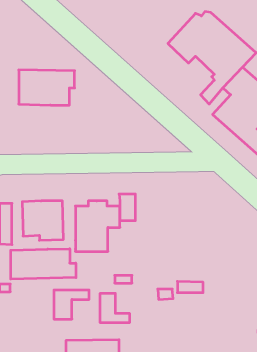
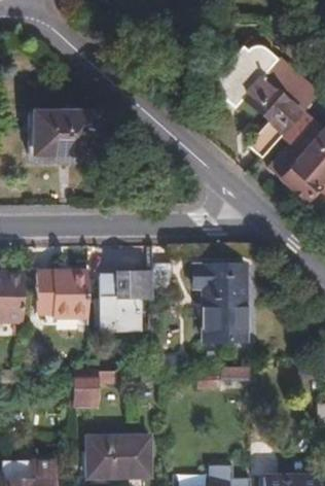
building: none -> [193,264,246,339]
building: [11,249,76,279] -> none
building: [100,293,129,323] -> none

